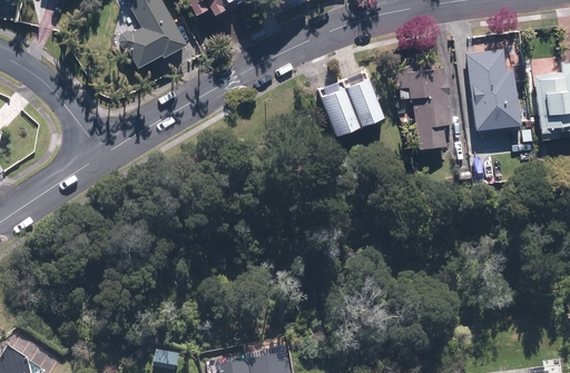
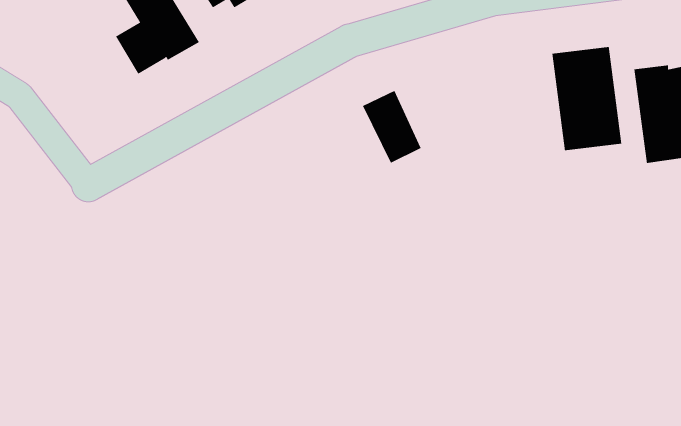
building: [394,62,451,150] -> none
building: [342,69,386,126] -> none

